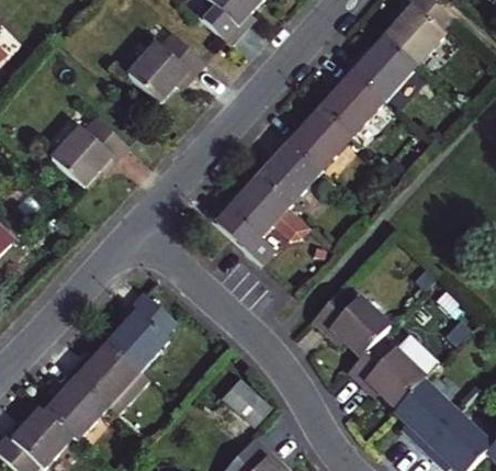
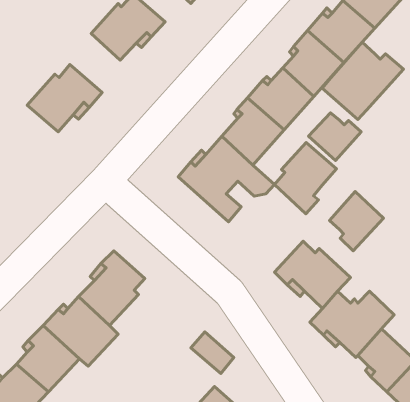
building: none -> [322,42,403,120]
building: none -> [308,113,361,160]
building: none -> [274,142,336,214]
building: none -> [329,191,384,251]

